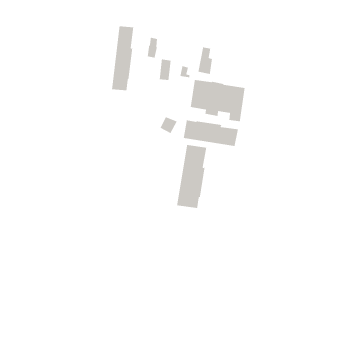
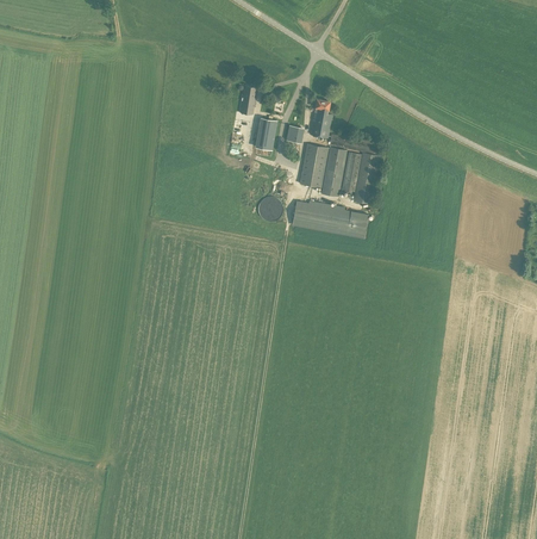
building: [111,26,134,91] -> none
building: [176,144,207,209] -> none

